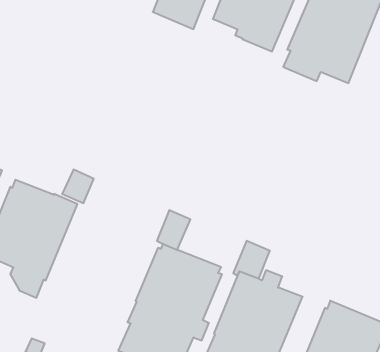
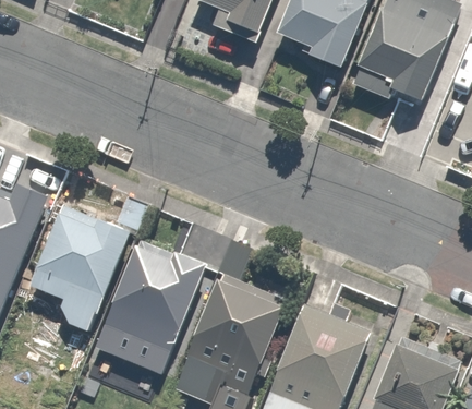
building: none -> [93,240,206,374]

